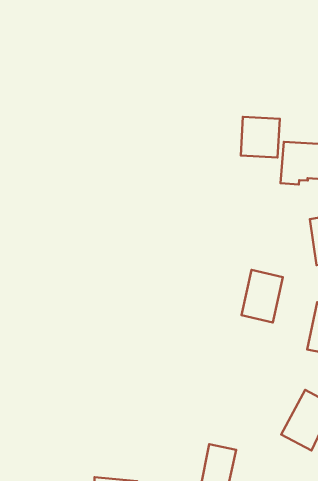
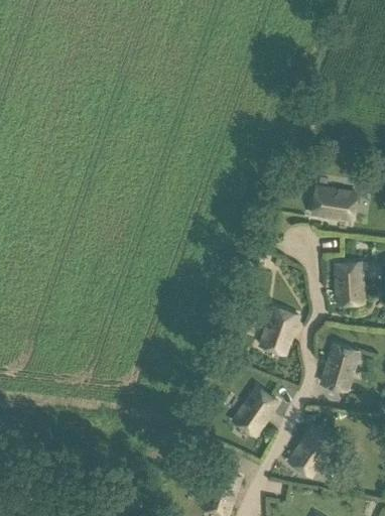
building: [241,117,280,157] -> none
building: none -> [233,384,279,436]

